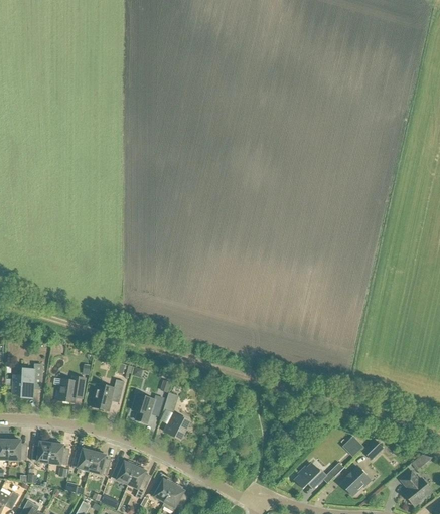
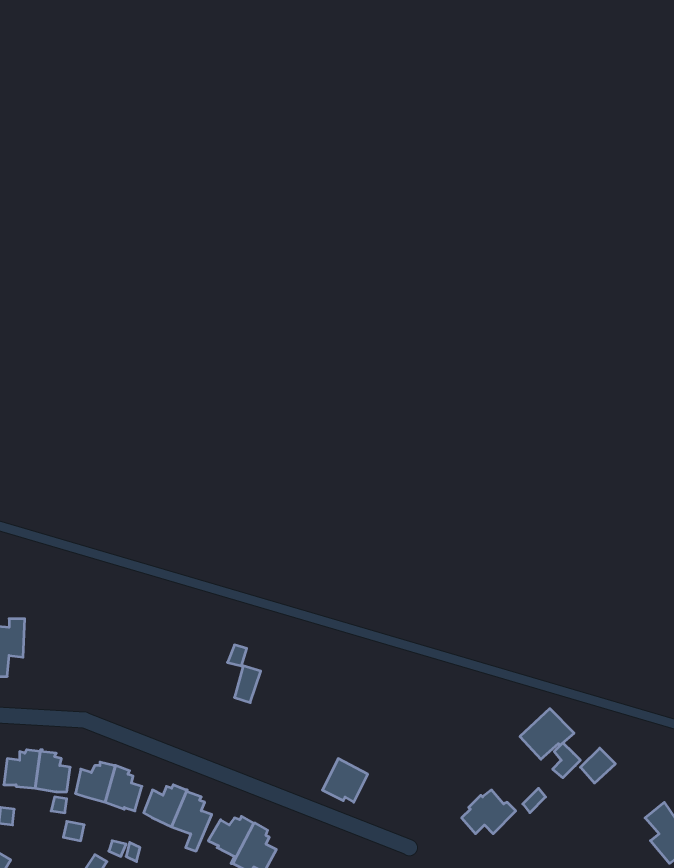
building: [54,377,85,402] -> none
building: [92,379,124,410] -> none
building: [131,393,163,422] -> none
building: [163,412,189,438] -> [322,759,368,802]
building: [339,466,371,495] -> [520,709,574,759]

